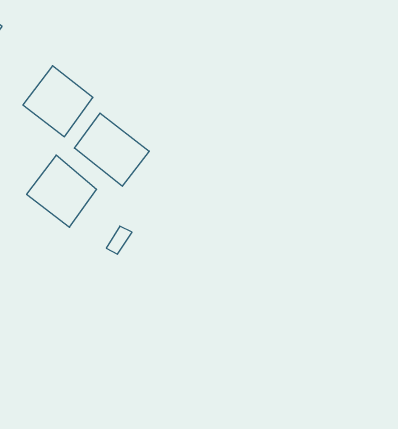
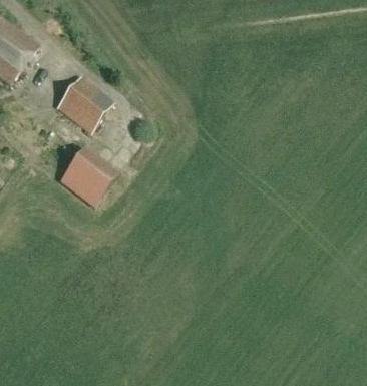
building: [74,113,149,186] -> none

